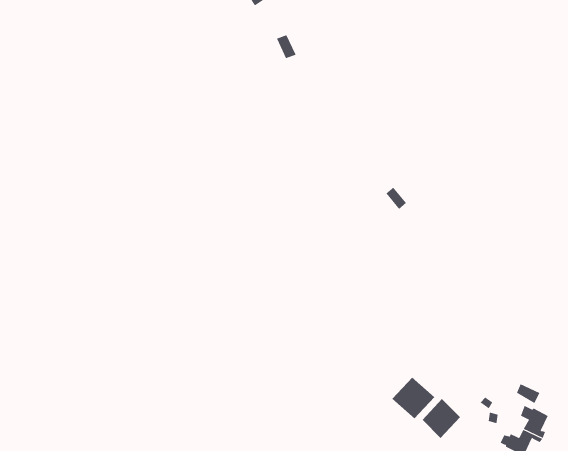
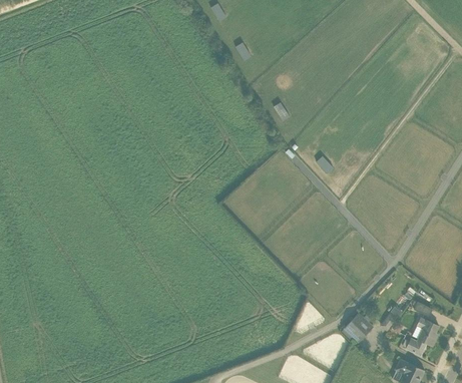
building: [392,377,435,419] -> none

